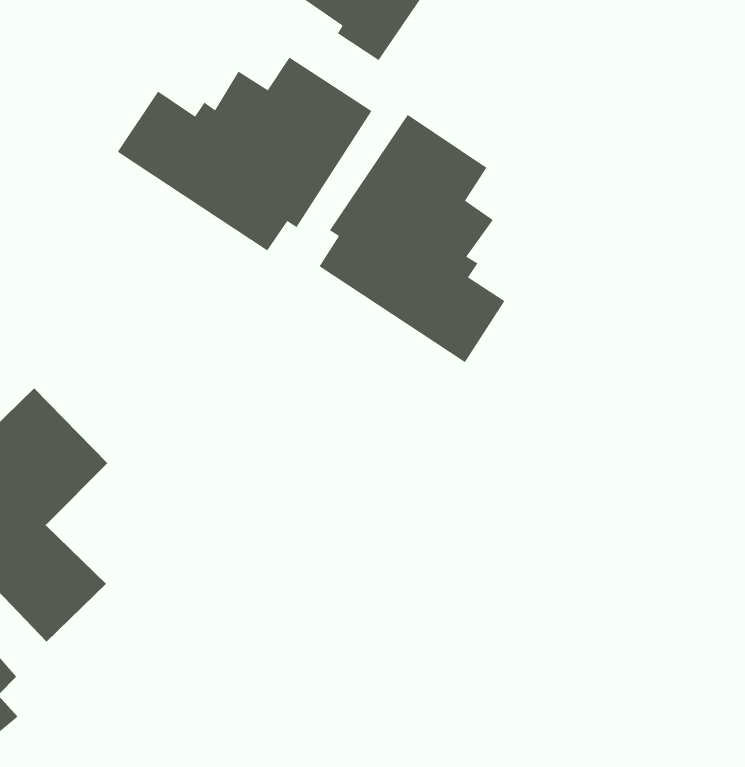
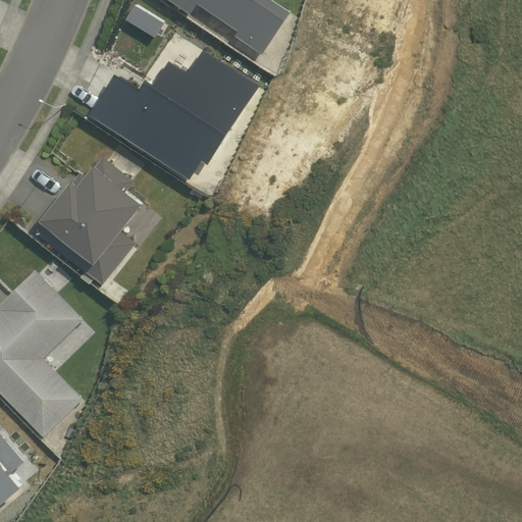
building: [319,114,506,363] -> none
building: none -> [33,158,144,284]

